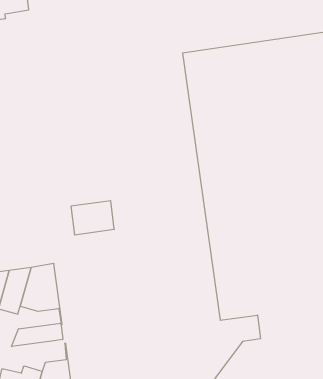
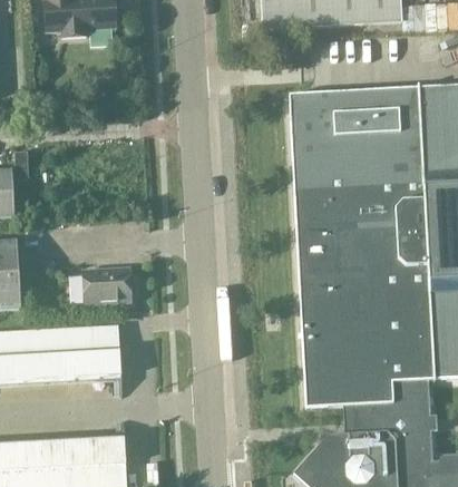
building: [71,201,114,235] -> [82,267,130,303]
building: [12,323,63,347] -> none

